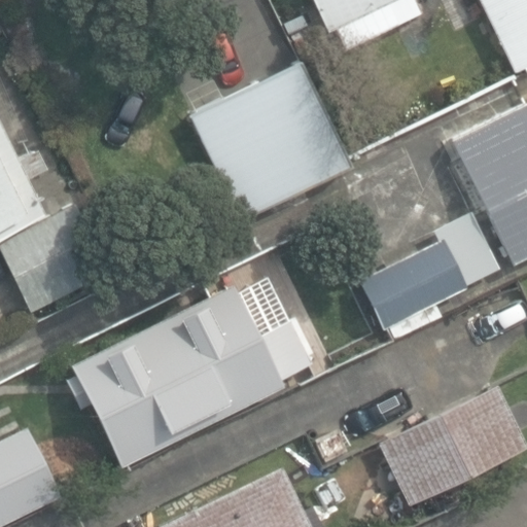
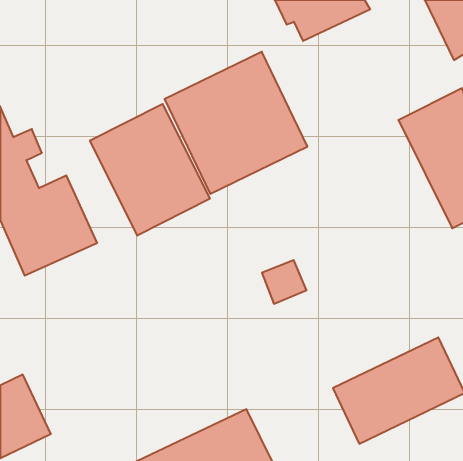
building: none -> [90,104,210,236]
building: [359,215,496,328] -> none
building: [71,286,311,465] -> none

